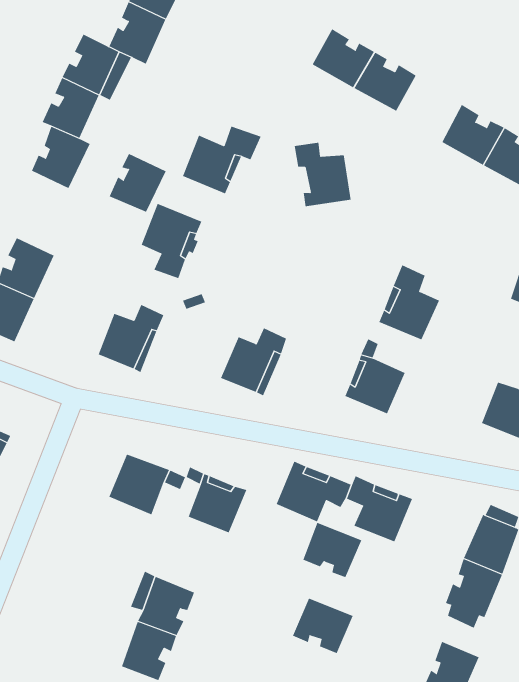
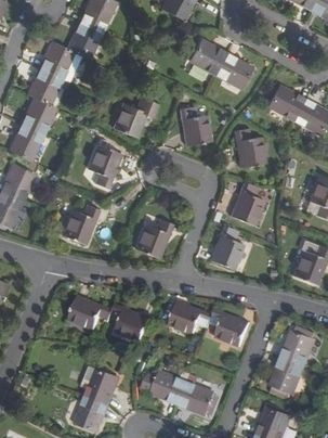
building: [109,153,166,213] -> [9,124,43,159]
building: none -> [234,127,267,167]
building: [303,522,362,578] -> [152,370,187,403]

